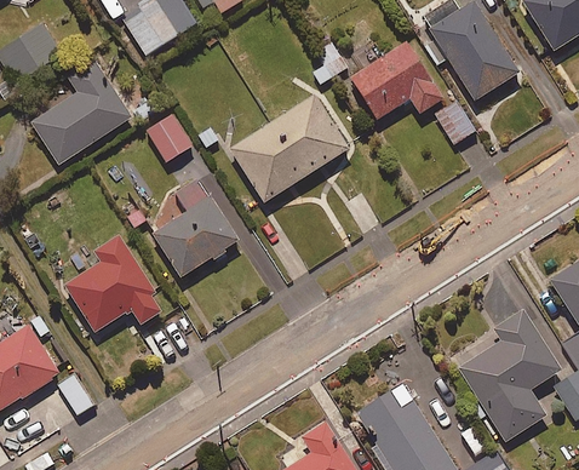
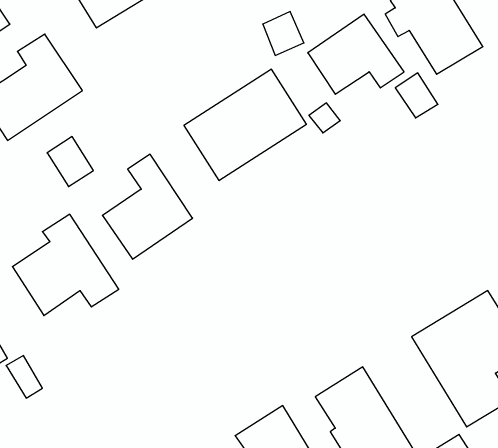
building: [147,114,191,162] -> [47,137,93,187]

